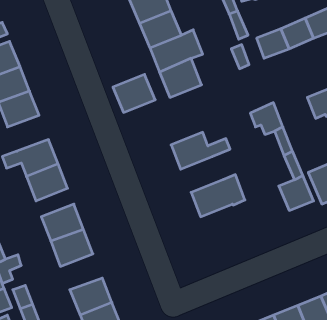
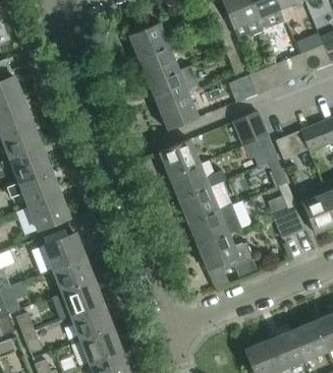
building: [113,74,155,112] -> [159,139,200,176]
building: none -> [235,111,268,145]
building: none -> [275,130,309,161]
building: none -> [11,147,51,182]
building: none -> [178,187,219,222]
building: none -> [198,233,254,270]
building: none -> [62,281,103,315]

